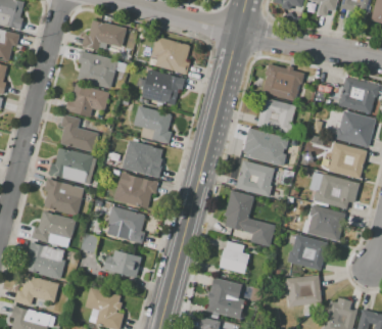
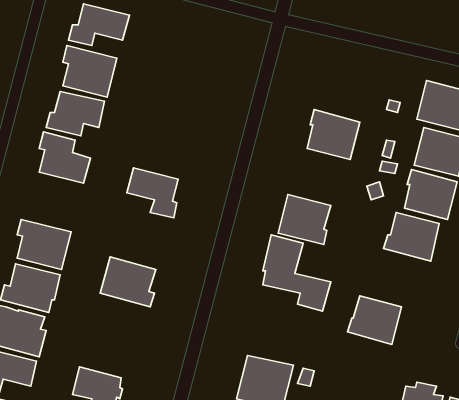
building: [151,37,190,75] -> none
building: [262,64,302,101] -> none
building: [141,69,186,105] -> none
building: [134,106,172,143] -> none
building: [249,130,289,166] -> none
building: [48,147,92,183] -> none
building: [114,173,158,208] -> none
building: [306,205,346,242] -> none
building: [220,241,251,274] -> none
building: [103,250,141,277] -> none
building: [285,276,322,306] -> none

